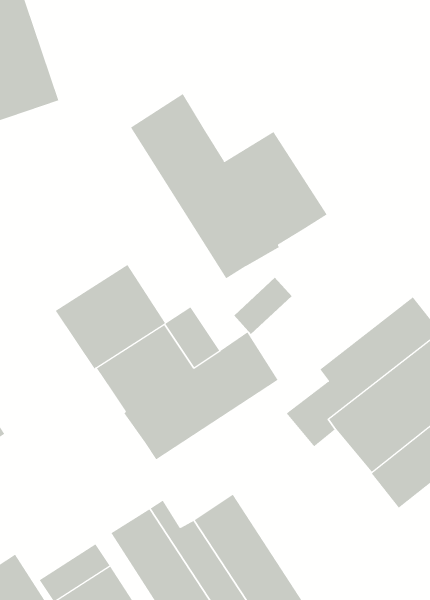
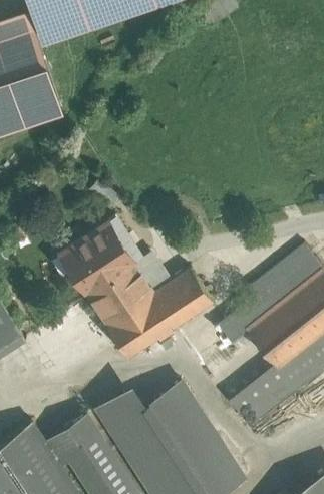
building: [130,93,328,279] -> none
building: [233,277,292,335] -> none
building: none -> [229,368,294,428]

